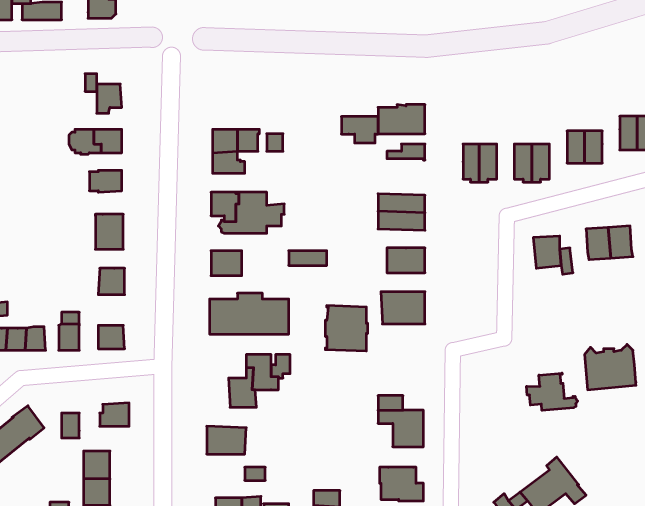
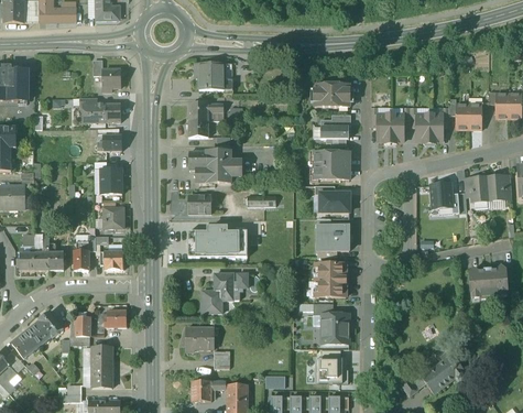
building: none -> [195,62,222,88]
building: [341,117,378,143] -> [319,124,347,144]
building: [325,306,368,351] -> [314,262,346,296]
building: [527,373,578,410] -> none

